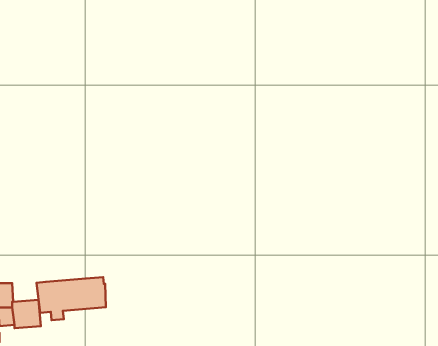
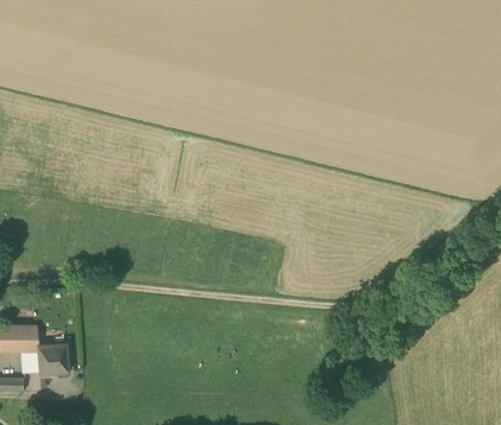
building: [36,277,106,320] -> none

